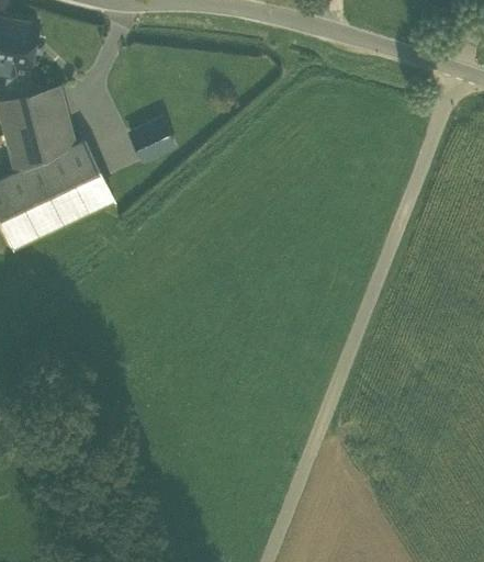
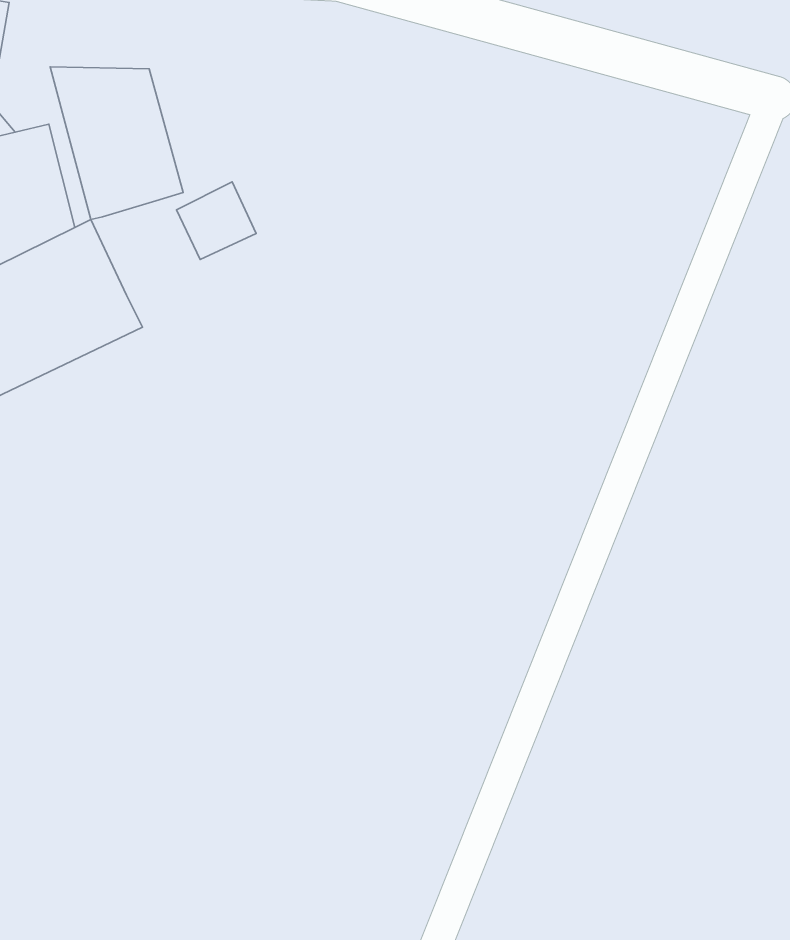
building: none -> [50,67,183,220]

